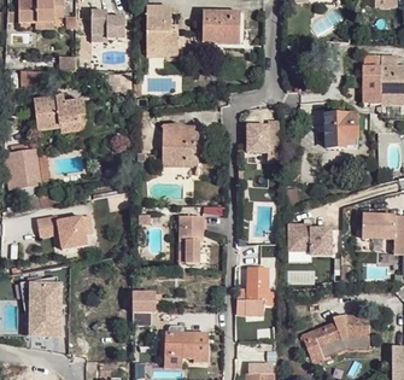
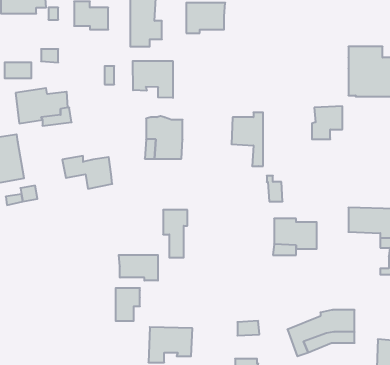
building: none -> [133,61,173,98]
building: [37,216,87,249] -> [62,156,112,189]
building: none -> [119,255,158,281]
building: [235,267,273,315] -> none
building: [30,285,59,335] -> none

